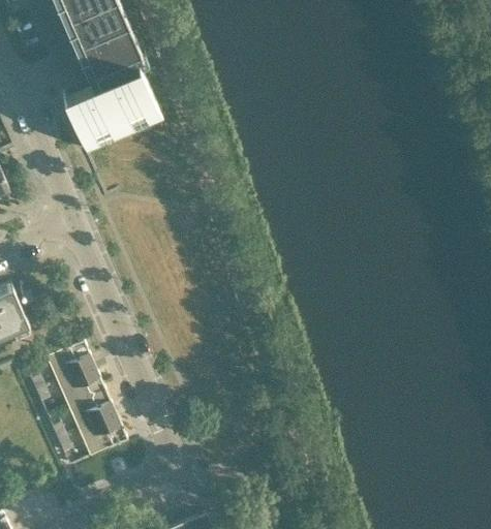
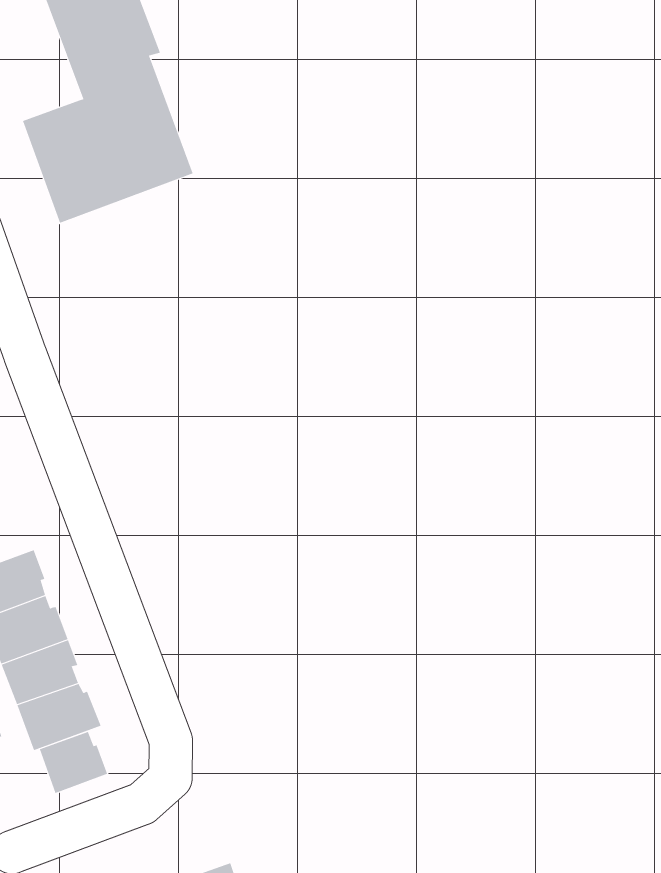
building: none -> [39,731,108,794]

